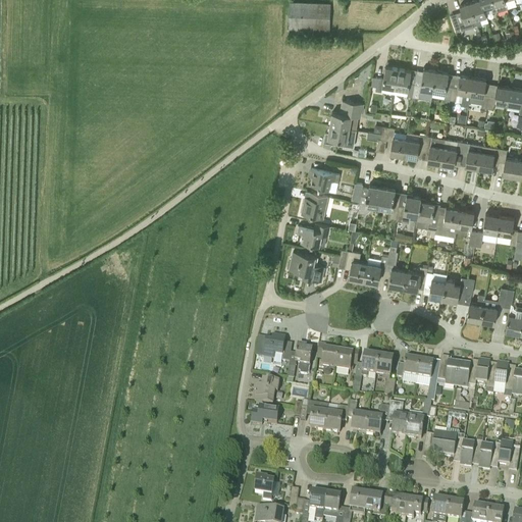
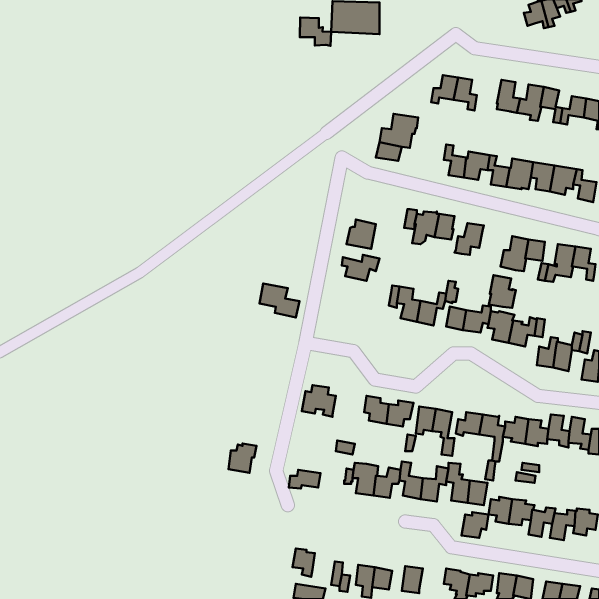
building: none -> [300,17,331,46]
building: [412,65,435,96] -> none
building: [309,166,338,189] -> none
building: [415,199,438,227] -> [489,275,516,308]
building: [289,250,323,279] -> [259,283,299,317]
building: [285,345,312,378] -> none
building: [254,379,278,405] -> [228,443,257,473]
building: [364,491,387,514] -> [462,512,489,538]

